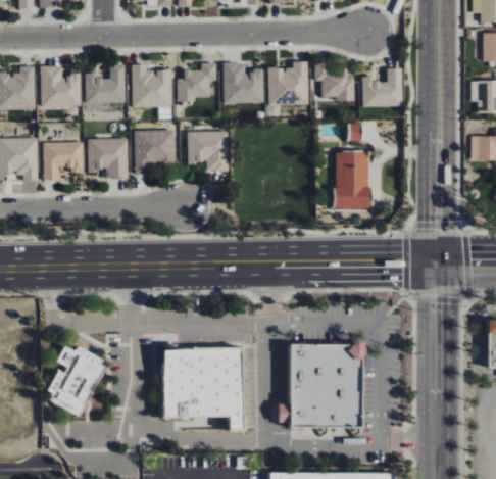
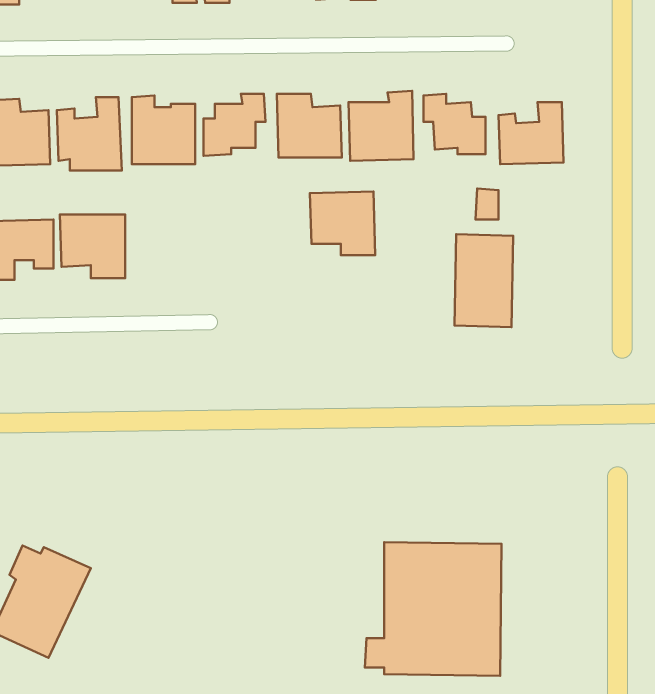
building: [134,130,173,174] -> none
building: [187,131,228,171] -> [310,192,375,255]
building: [162,348,243,430] -> none

